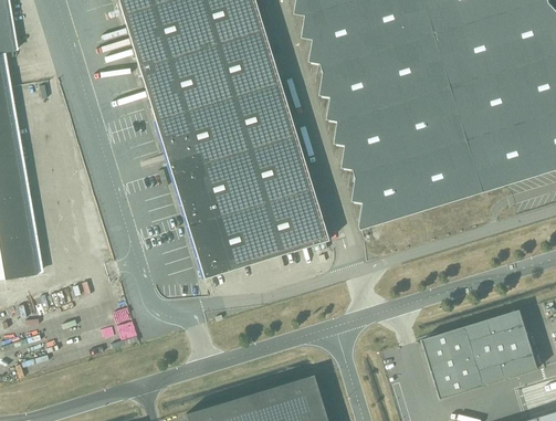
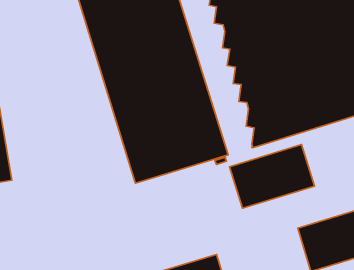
building: none -> [229,145,315,208]

